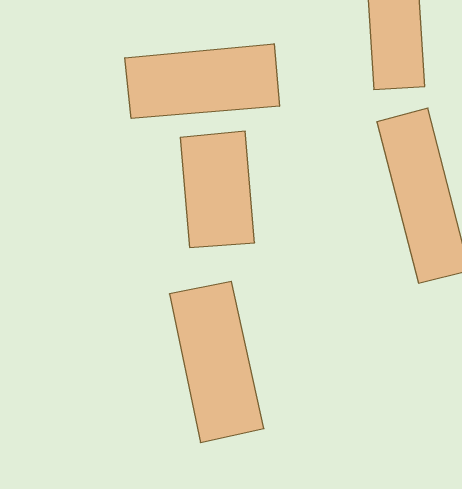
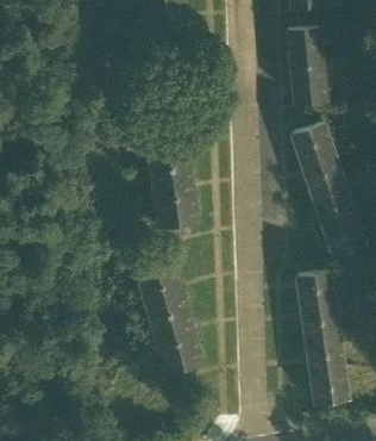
building: [125,44,279,118] -> none
building: none -> [297,271,346,406]

